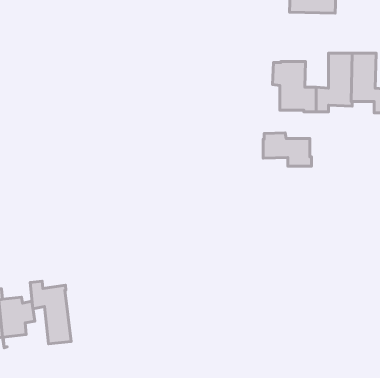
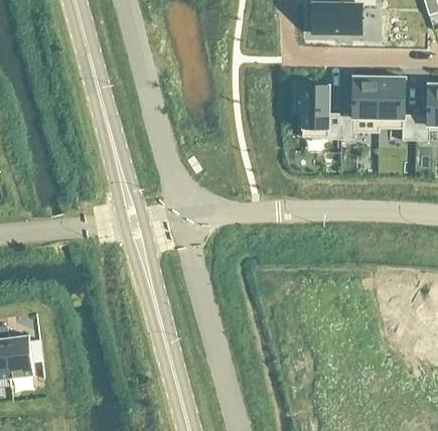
building: [263,133,312,166] -> none
building: [30,281,71,344] -> none

